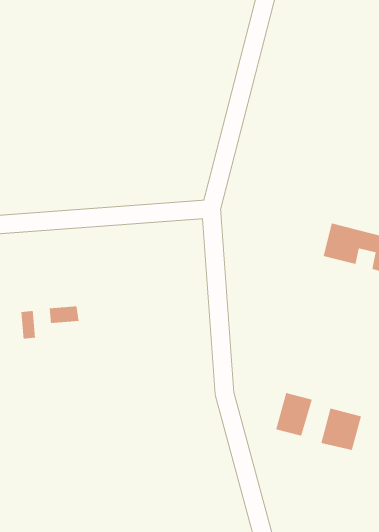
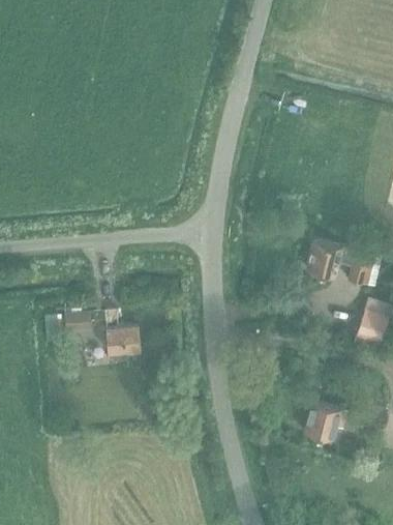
building: none -> [107,314,143,355]
building: [276,392,313,436] -> none

